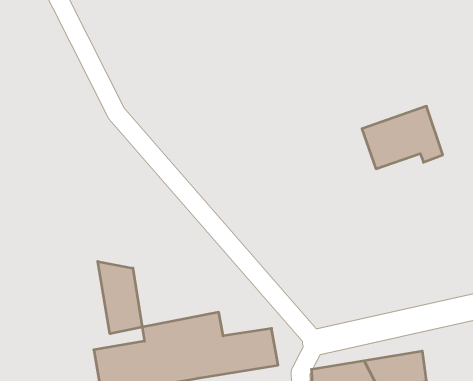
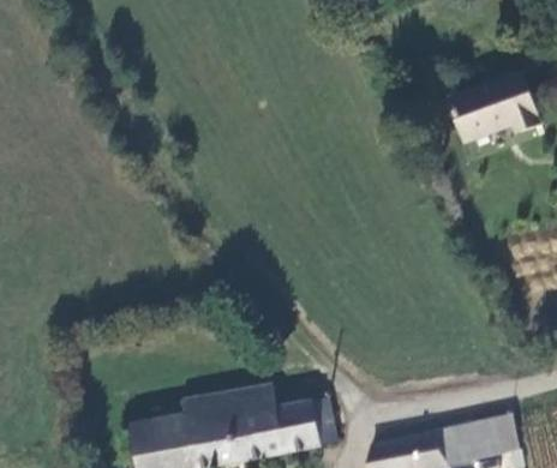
building: [362,106,443,169] -> [449,71,539,140]
building: [98,261,142,334] -> none

